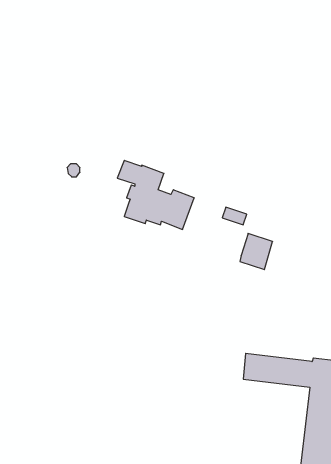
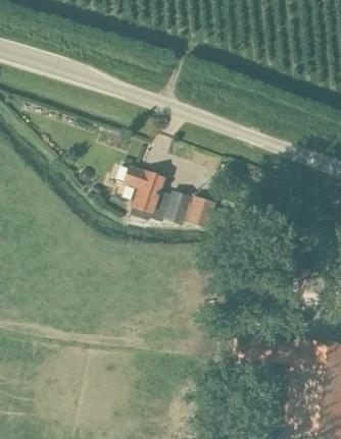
building: [240,233,273,270] -> [187,196,215,227]

